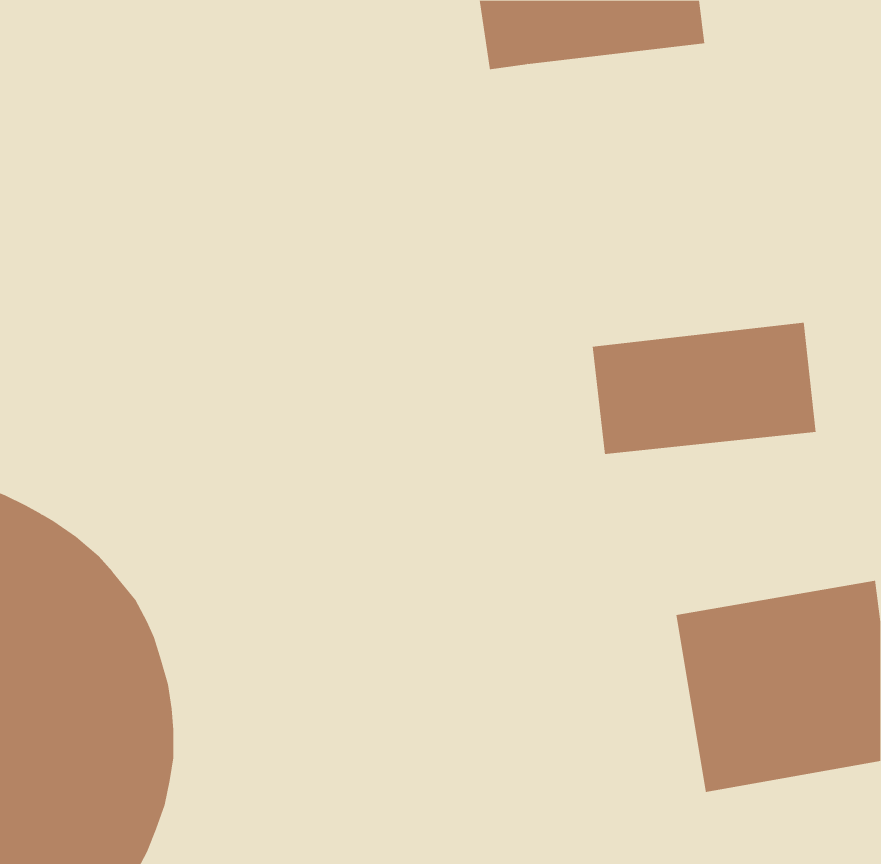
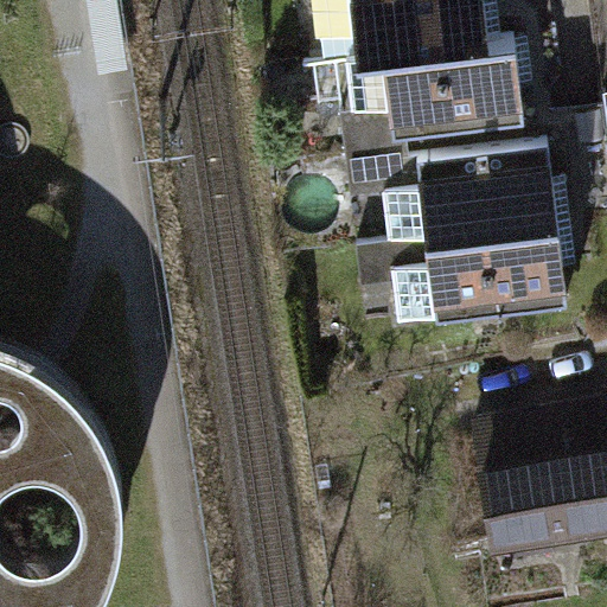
building: none -> [359,45,515,151]
building: none -> [395,164,548,254]

